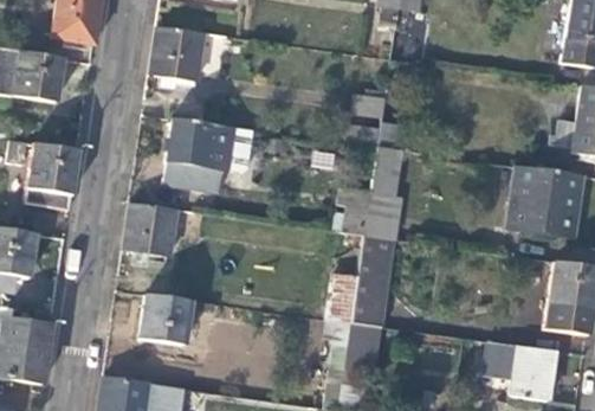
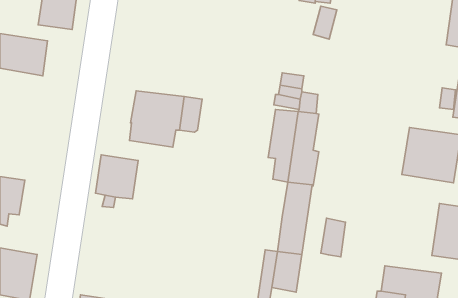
building: [150,26,203,89] -> none
building: [8,139,77,208] -> none
building: [326,274,357,322] -> [321,218,345,257]
building: [140,294,192,345] -> none

